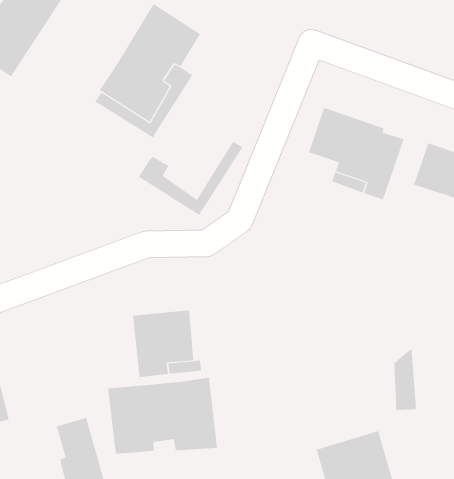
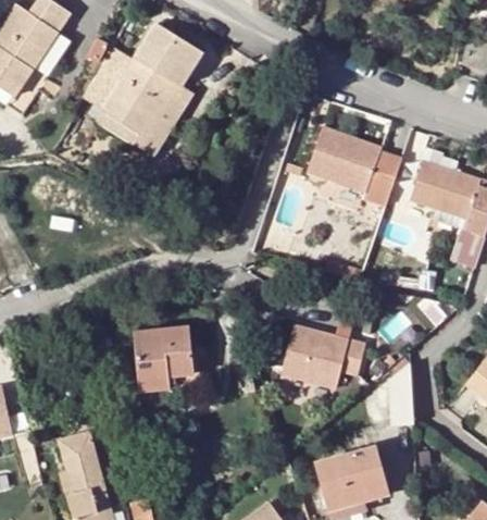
building: none -> [84,48,133,109]
building: [138,141,243,216] -> none
building: none -> [280,323,365,385]
building: [107,377,217,455] -> none

